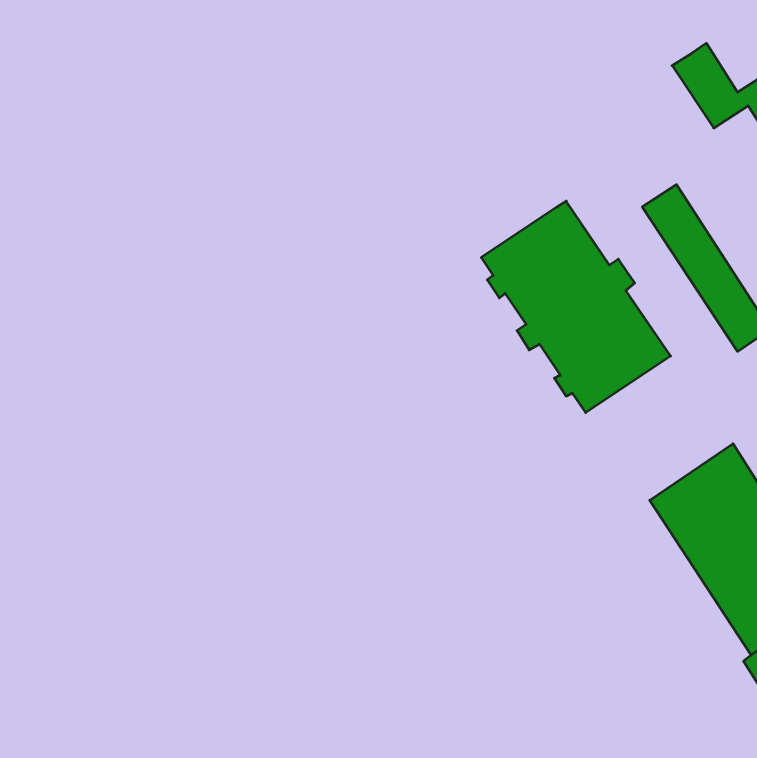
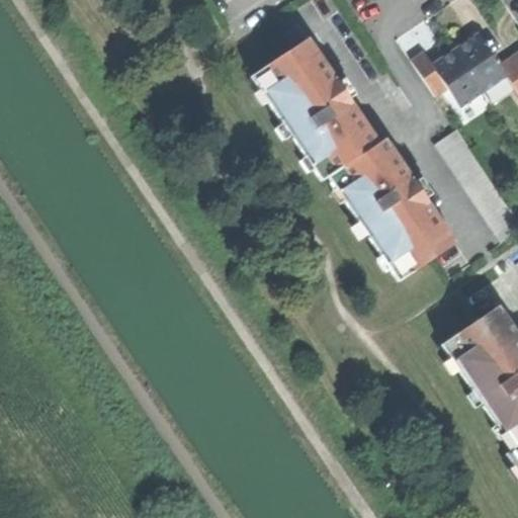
building: none -> [253,36,381,180]
building: none -> [414,45,488,103]

